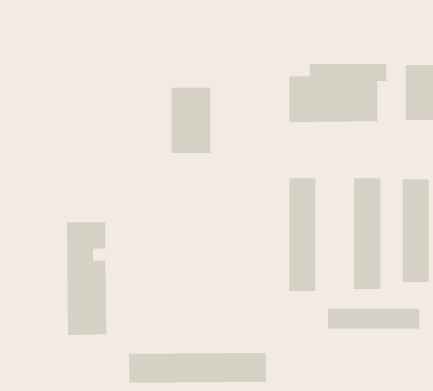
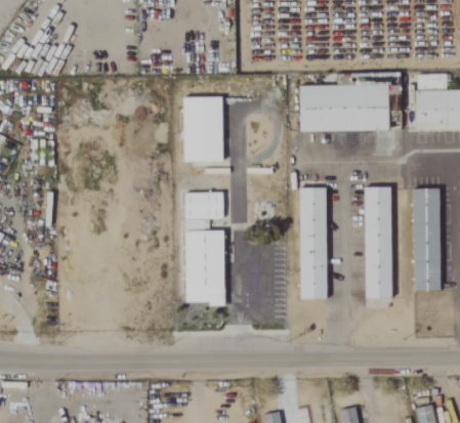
building: [66,222,107,336] -> [184,192,225,305]
building: [327,308,420,330] -> none
building: [128,352,267,384] -> none

